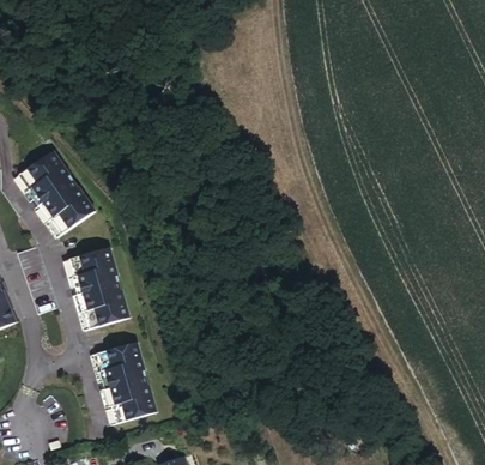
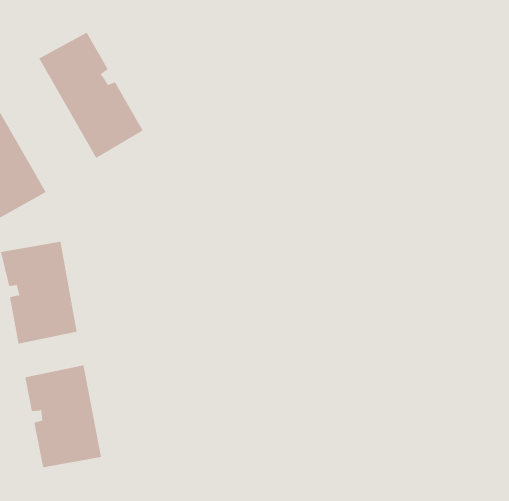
building: none -> [38,32,143,159]

